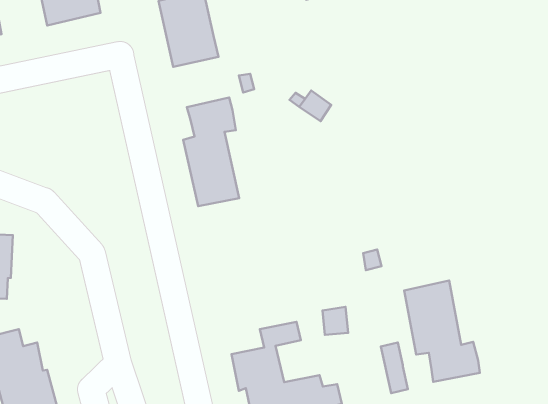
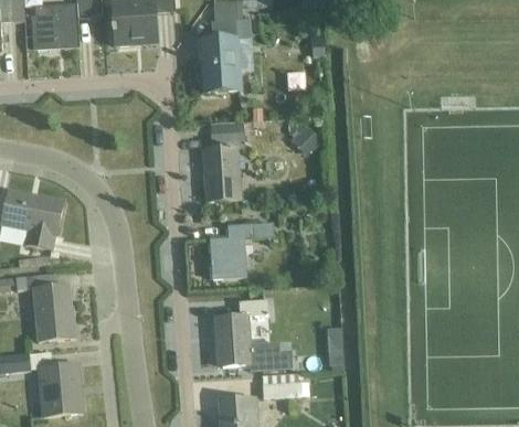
building: none -> [210,222,273,277]
building: [404,281,480,382] -> none

